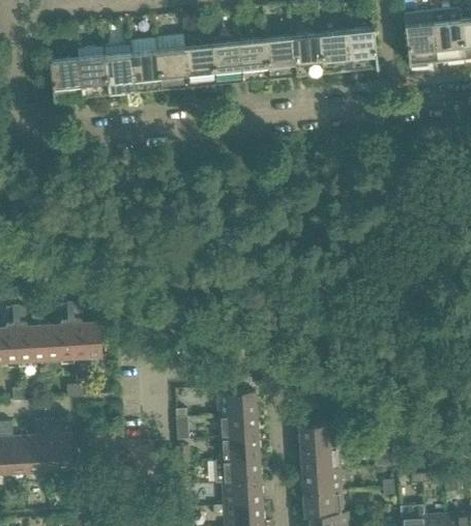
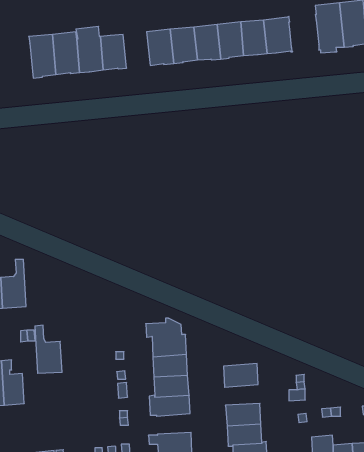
building: [185,45,216,86] -> none
building: [51,58,83,100] -> none
building: [71,303,102,358] -> [35,325,62,373]
building: [301,447,342,471] -> none
building: [224,480,263,504] -> none

